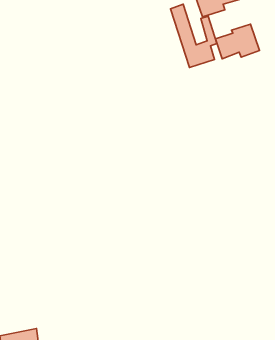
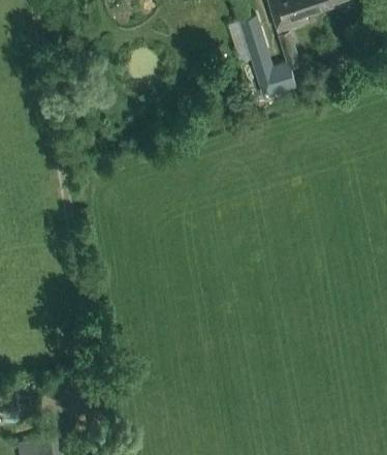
building: [215,24,259,59] -> none

